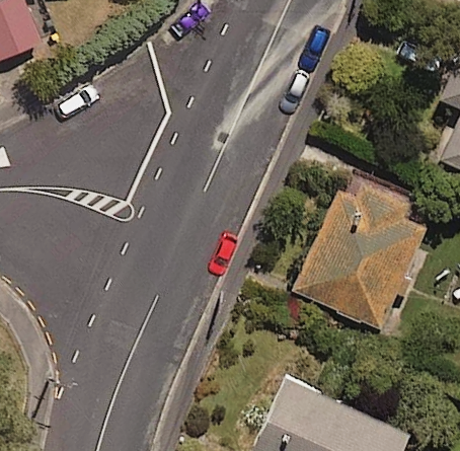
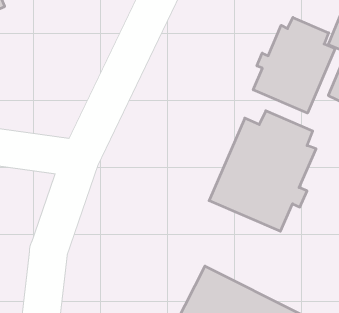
building: none -> [253,17,335,113]

